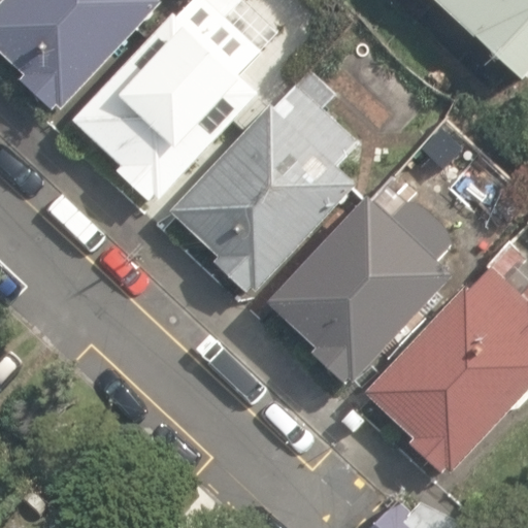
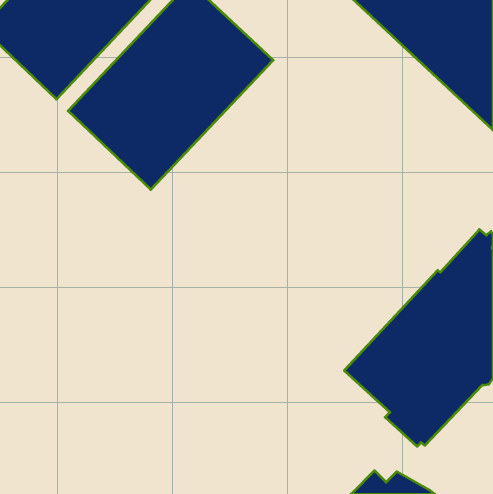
building: [169,68,360,293] -> none
building: [268,185,454,383] -> none

